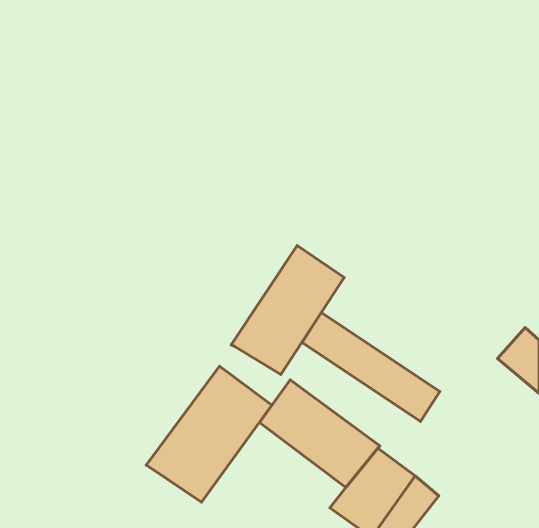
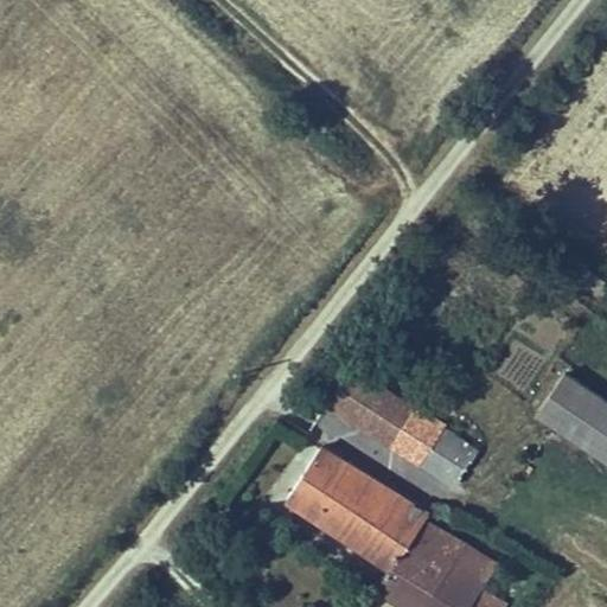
building: [231,246,344,374] -> none
building: [146,366,272,502] -> none

